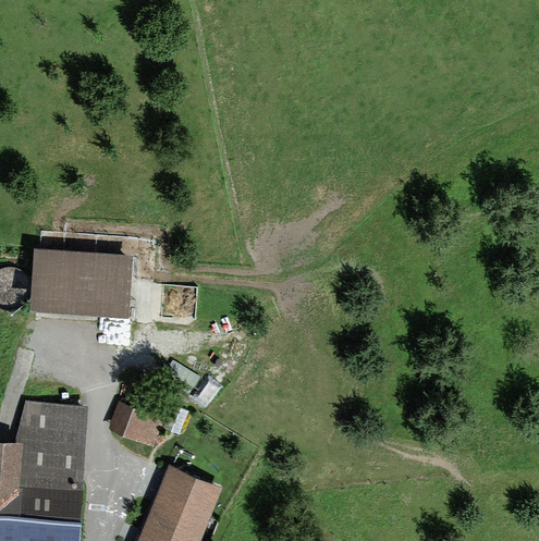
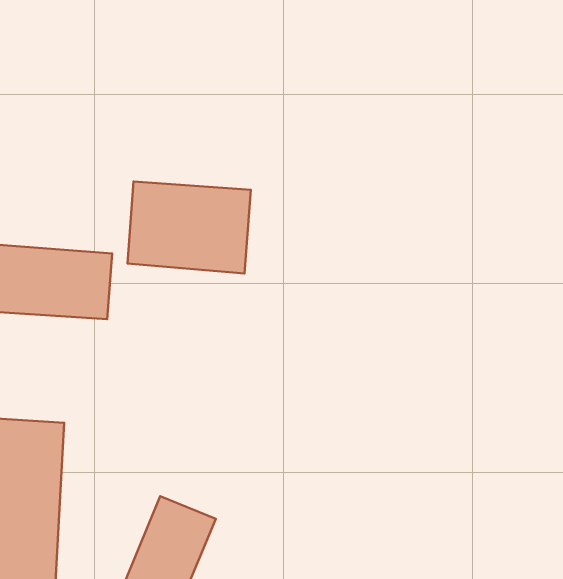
building: none -> [128,181,251,273]
building: [112,405,157,441] -> none

